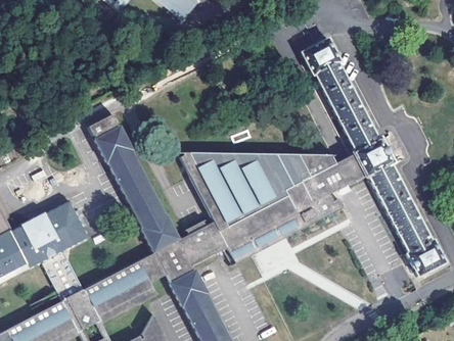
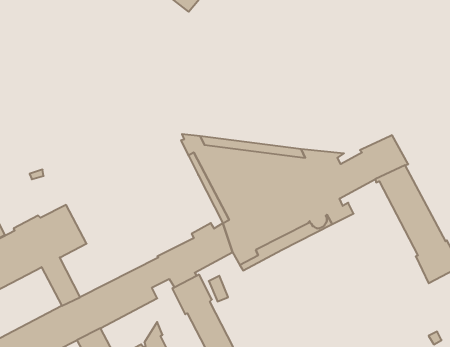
building: [298,38,376,149] -> none
building: [89,115,179,252] -> none

